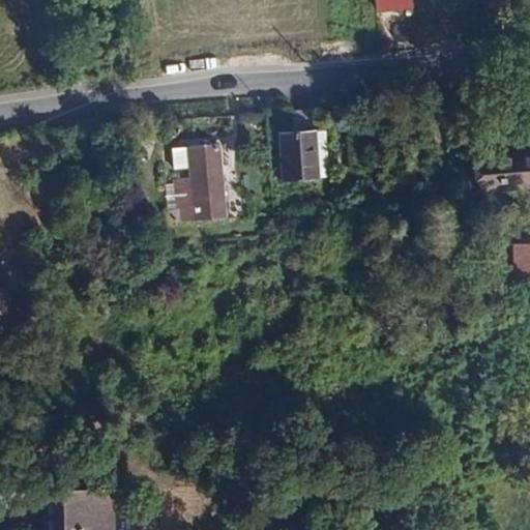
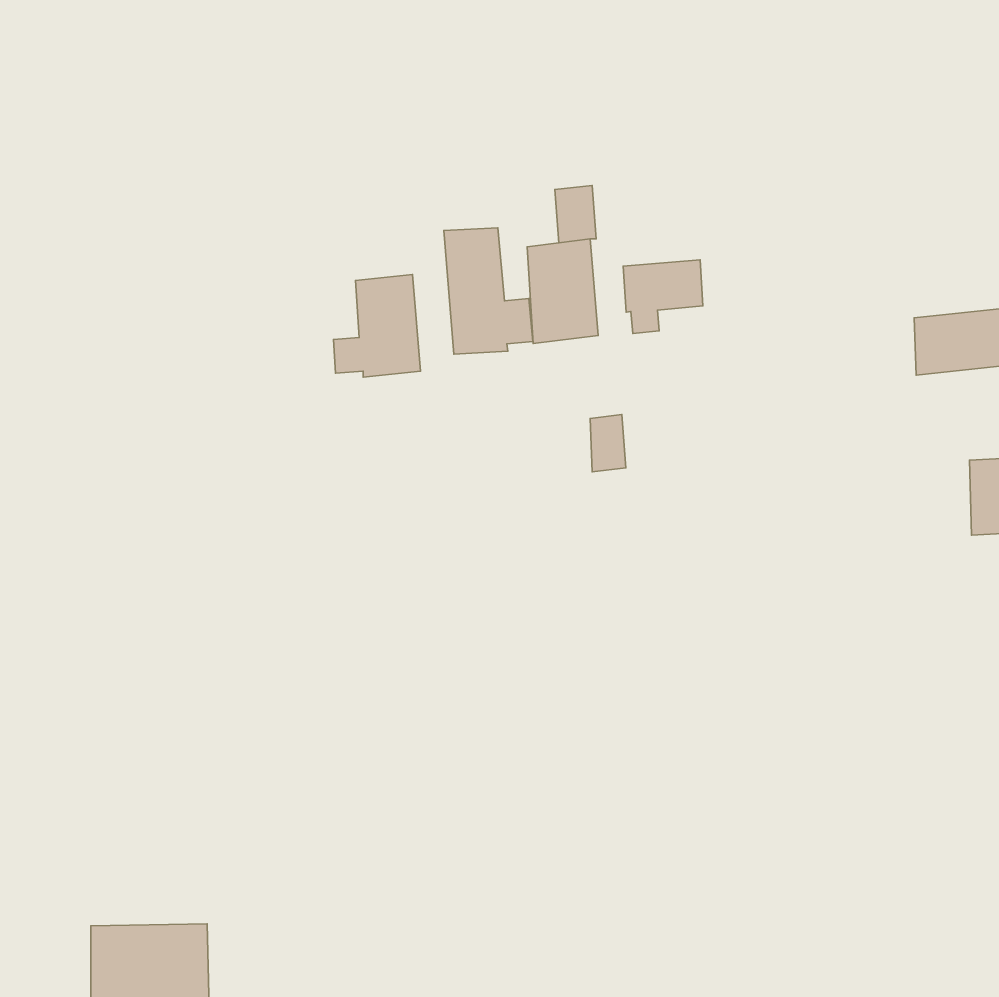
building: none -> [444,228,533,354]
building: none -> [623,260,703,334]

